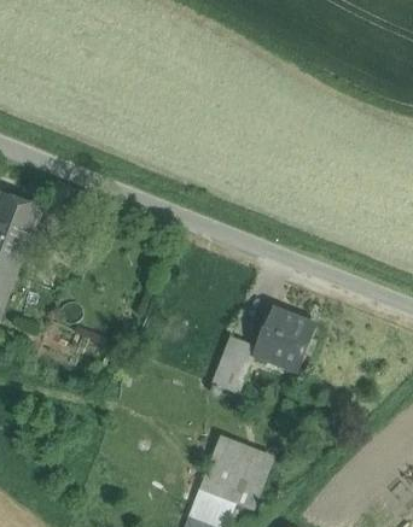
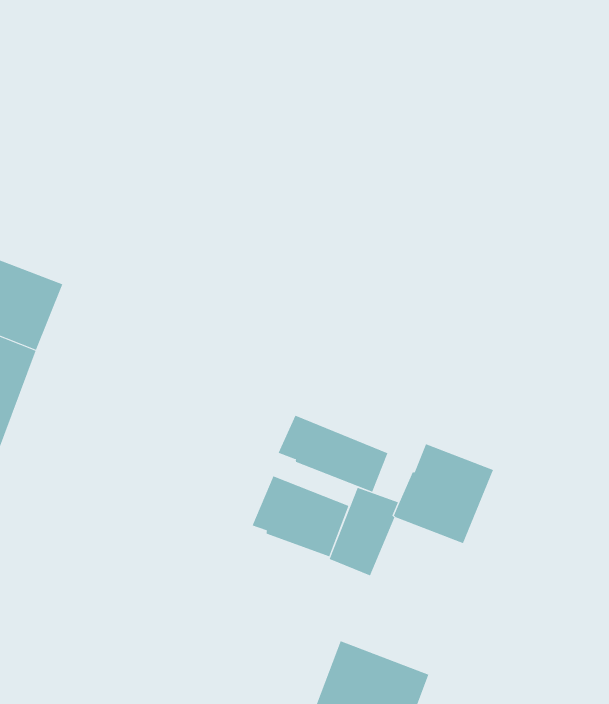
building: none -> [278,415,388,493]
building: none -> [252,476,349,557]

